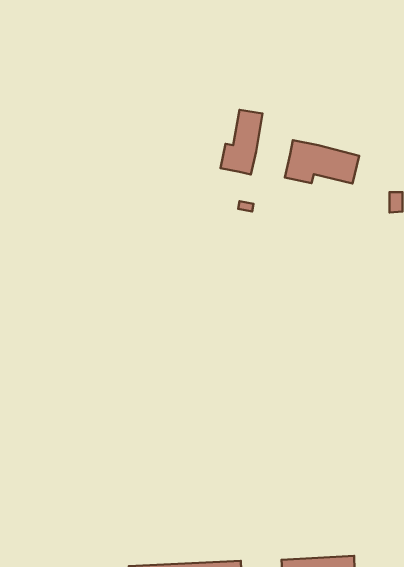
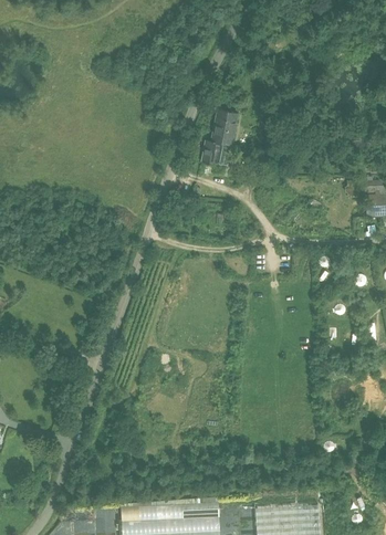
building: [285,140,359,184] -> none

